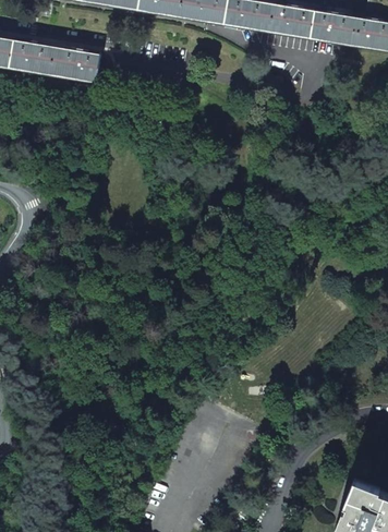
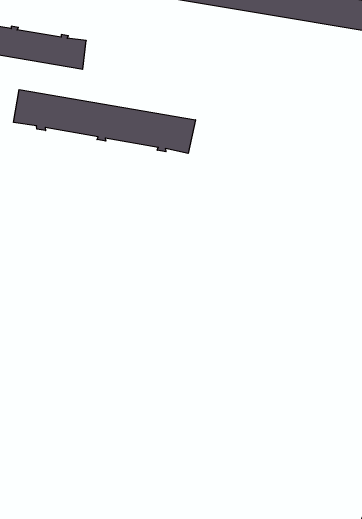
building: none -> [14,90,195,153]

